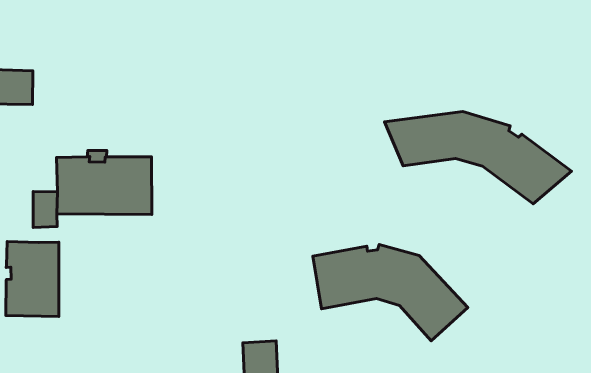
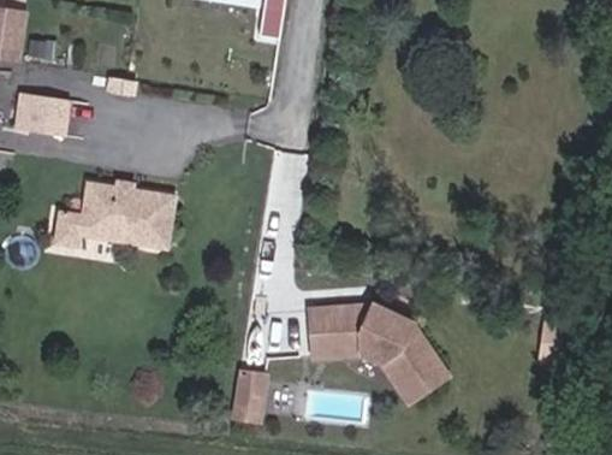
building: [384,112,571,204] -> none
building: [6,241,59,316] -> none

